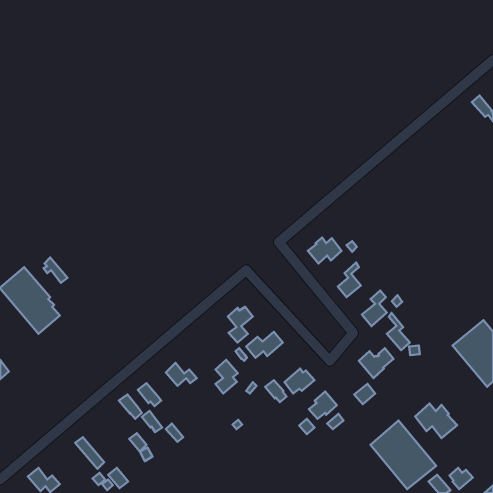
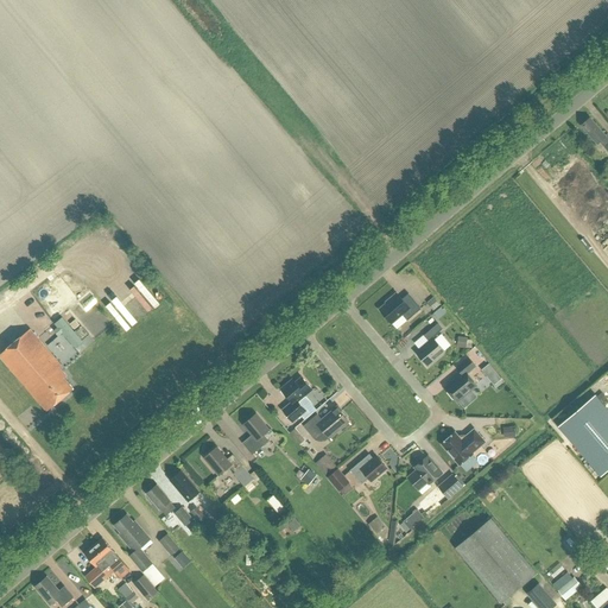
building: [387,313,410,350] -> none
building: [215,360,238,393] -> [242,413,270,455]
building: [309,392,337,419] -> [407,456,442,489]
building: [415,404,457,438] -> none
building: none -> [114,514,152,571]
building: none -> [84,545,114,587]

